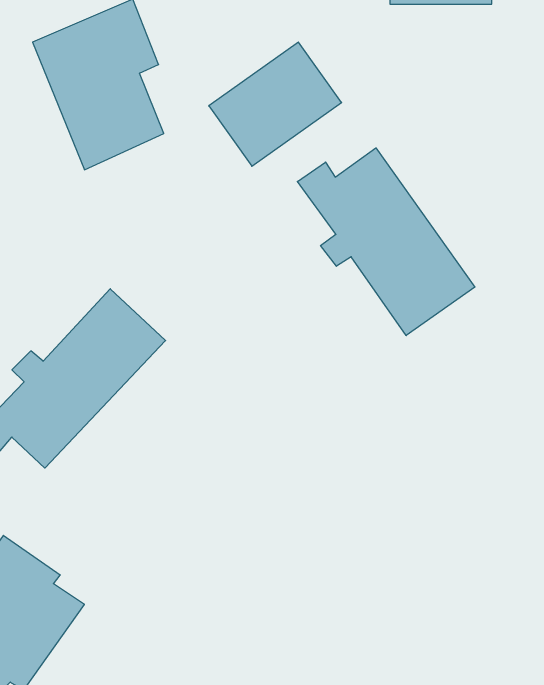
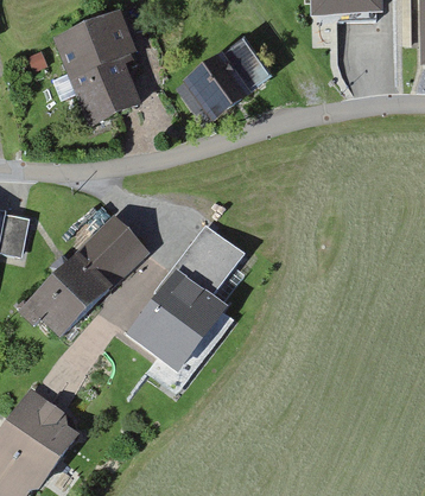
building: [297,148,475,336] -> none
building: none -> [142,218,246,354]

